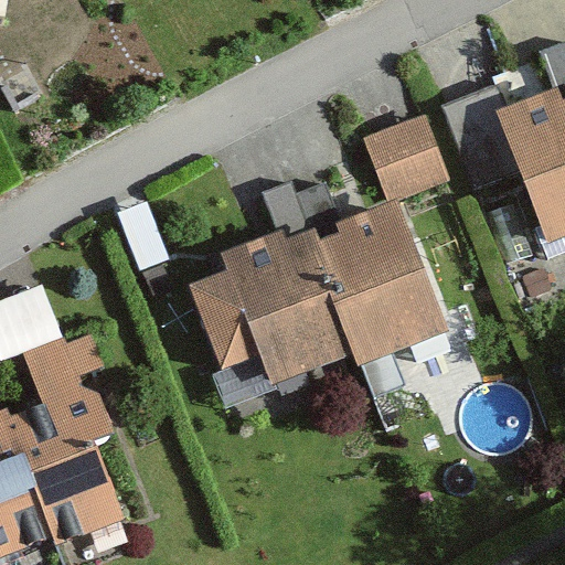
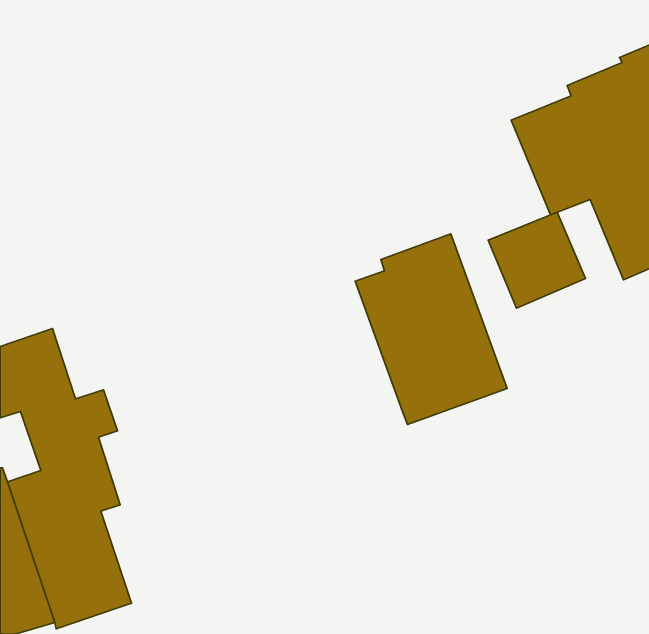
building: [365,115,449,198] -> [488,212,585,308]
building: [190,232,351,385] -> none

